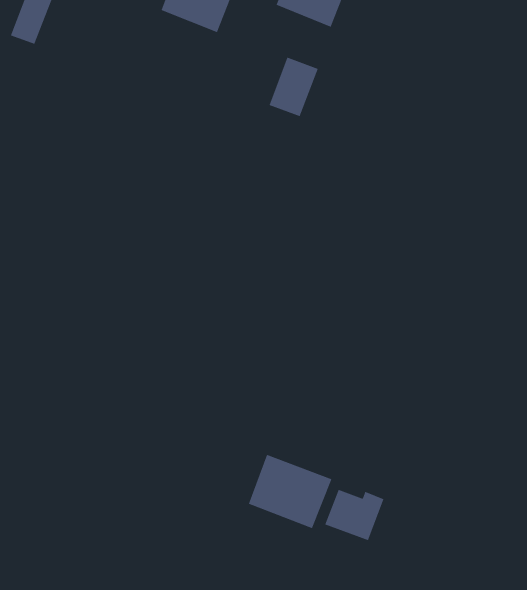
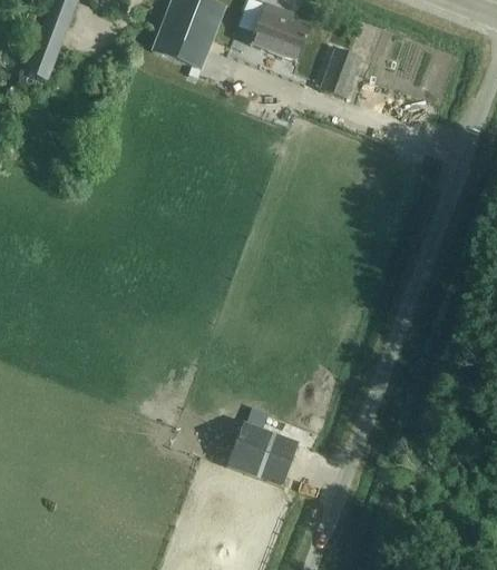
building: [268,56,319,117] -> [320,46,362,97]
building: [324,489,384,541] -> none

